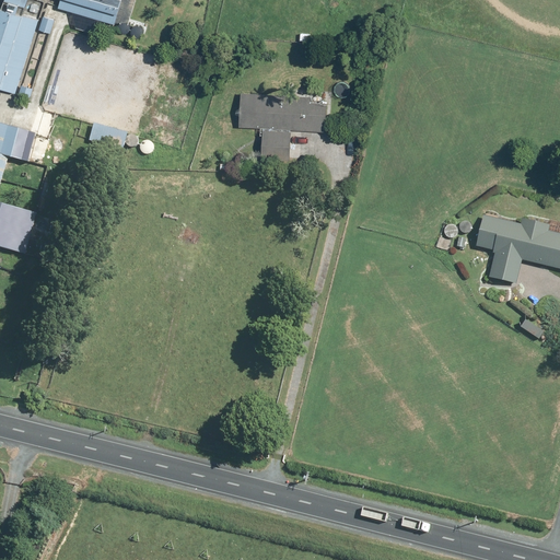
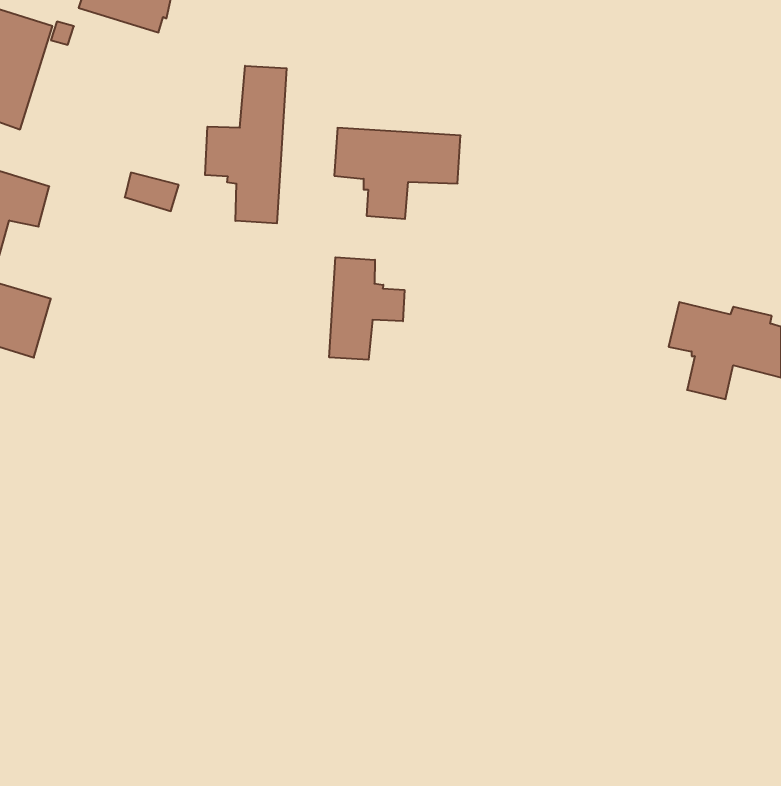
building: none -> [205,66,287,223]
building: none -> [329,257,404,360]

